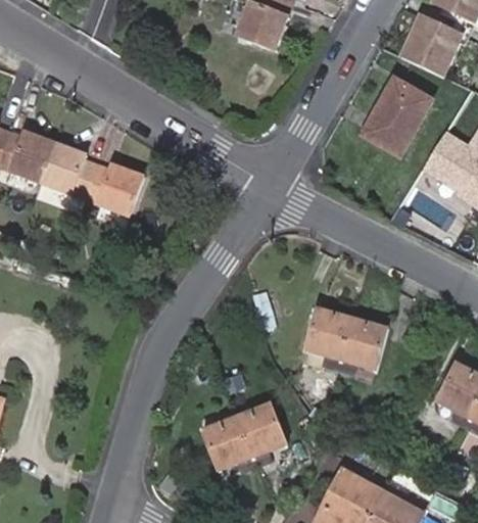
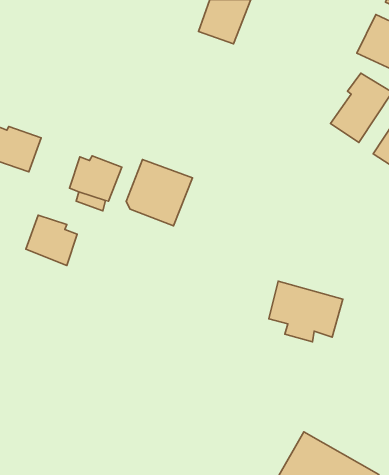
building: [47,149,102,203] -> [26,215,77,265]
building: none -> [126,159,192,226]
building: [207,396,291,470] -> none

